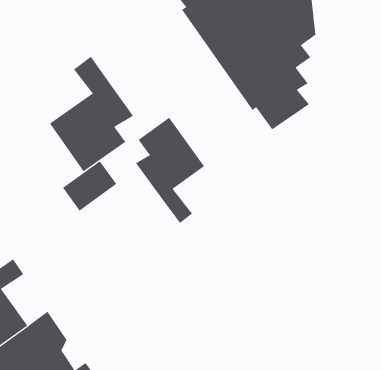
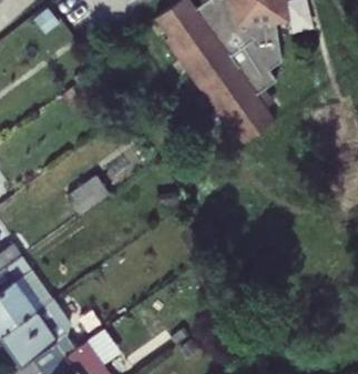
building: [49,56,134,172] -> none
building: [135,117,205,224] -> none

